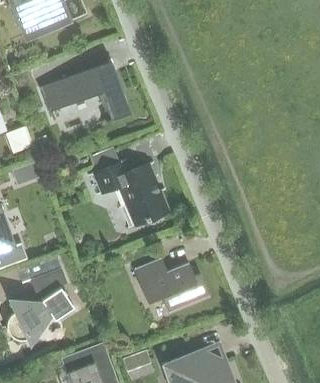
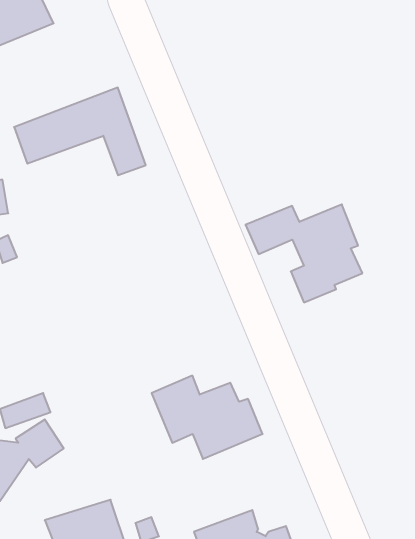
building: [88,162,168,229] -> [245,204,362,302]

